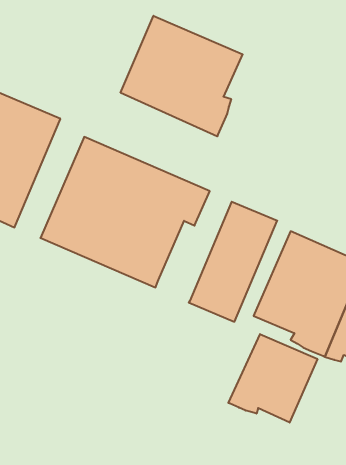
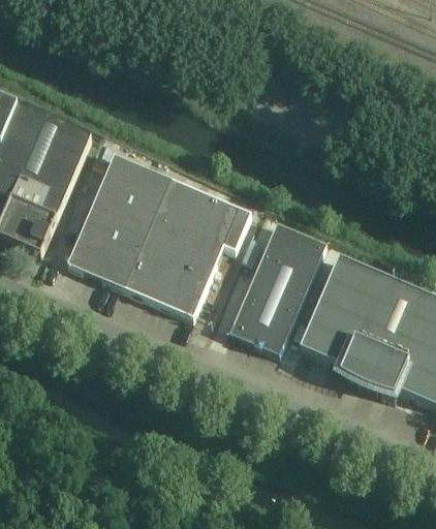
building: [121,16,243,136] -> none
building: [228,334,317,423] -> none

